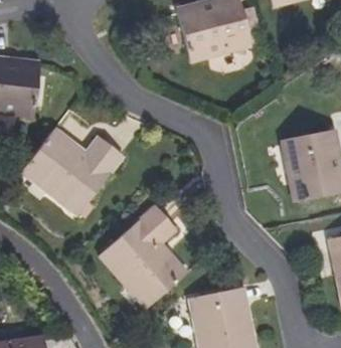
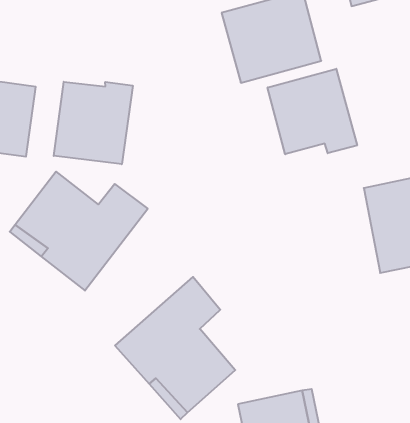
building: none -> [268,69,357,154]
building: none -> [54,82,133,164]

